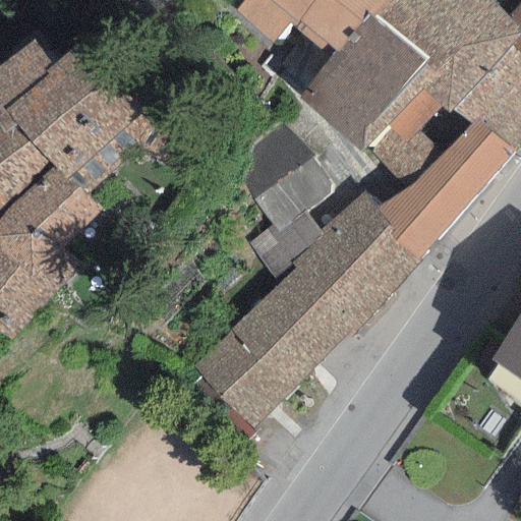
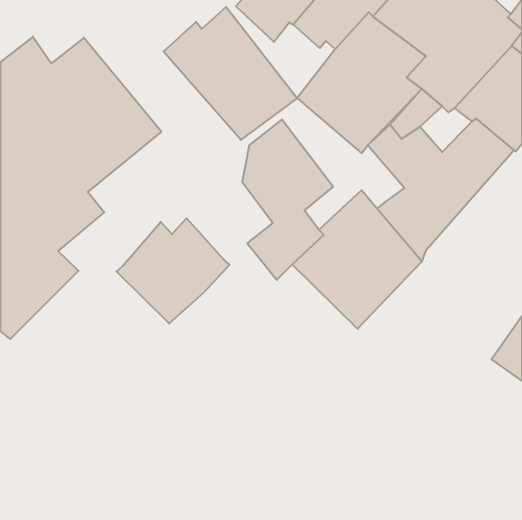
building: none -> [163,7,297,140]
building: none -> [116,218,229,324]
building: [190,264,356,429] -> none

